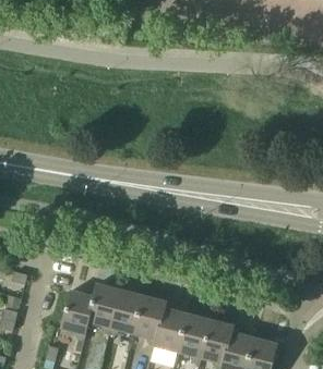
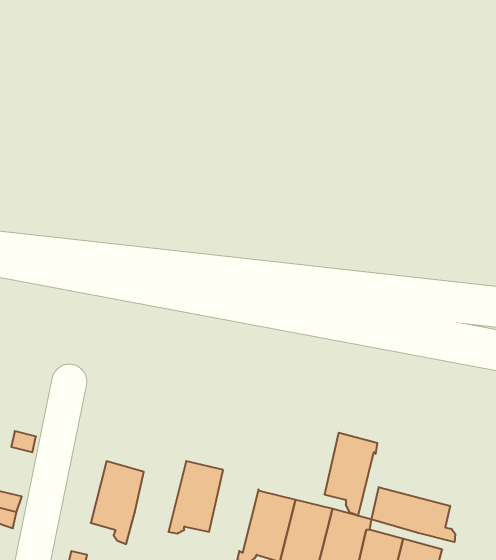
building: [87,284,119,333] -> none
building: [133,295,166,346] -> [324,433,377,516]
building: none -> [372,487,455,542]

